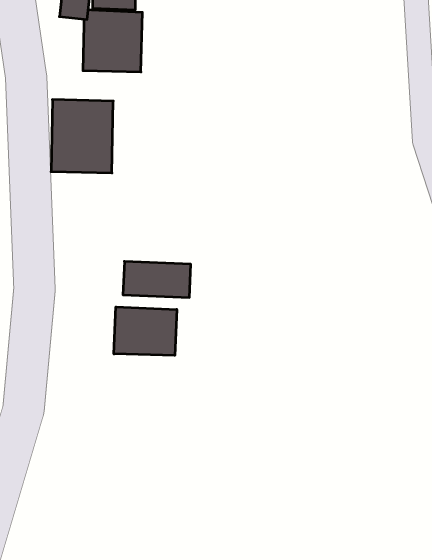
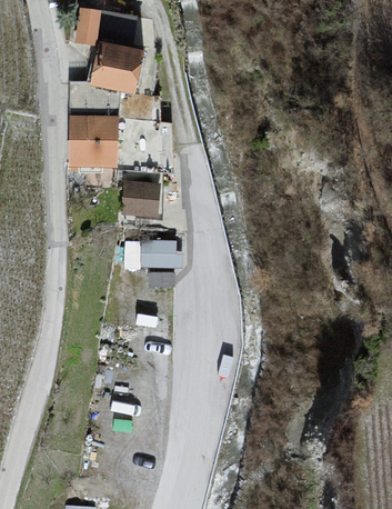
building: none -> [119,181,158,217]
building: [114,307,177,355] -> none

